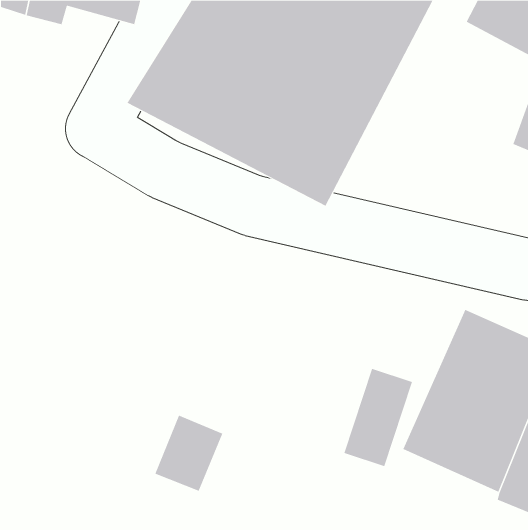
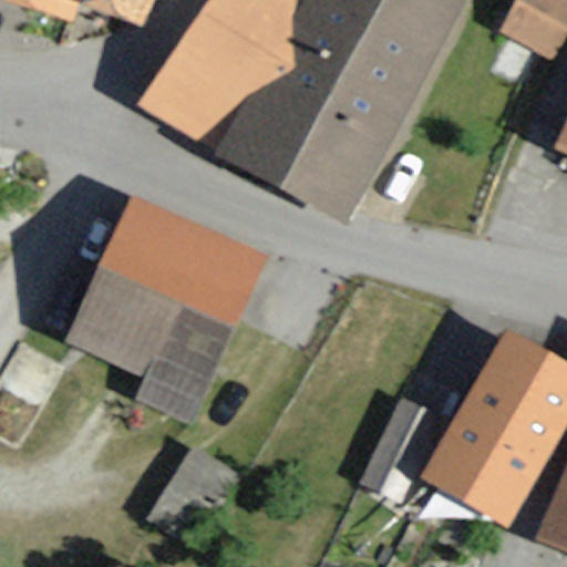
building: none -> [63,190,264,420]

